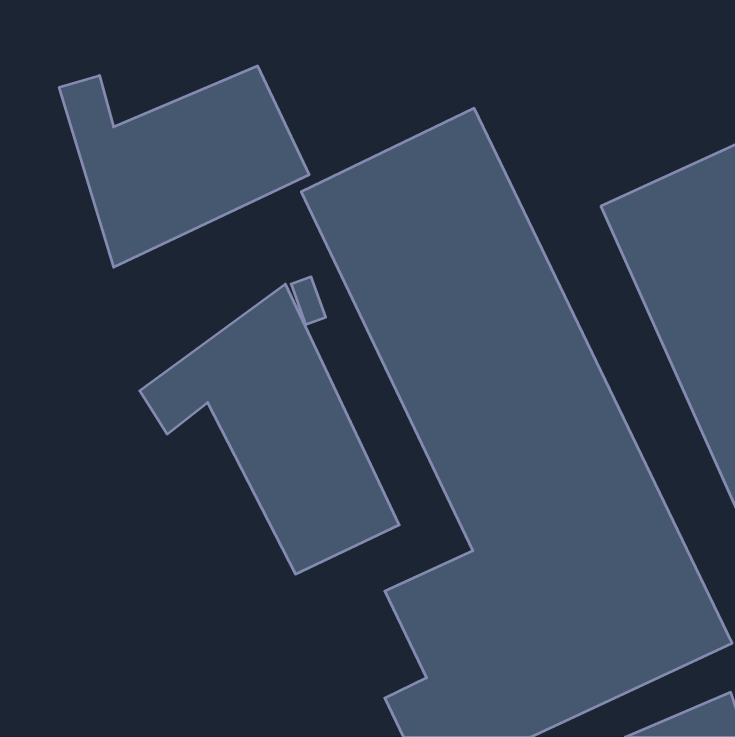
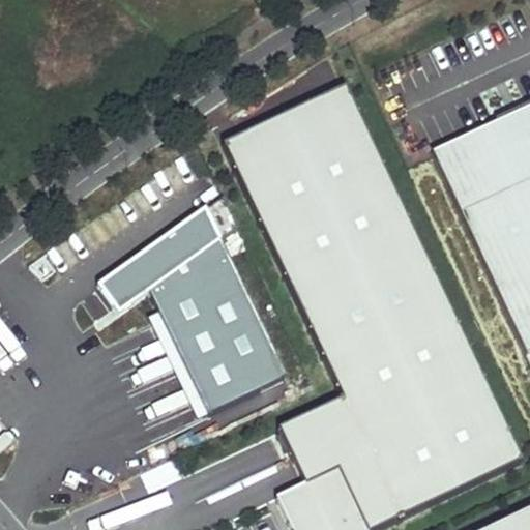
building: [59,66,309,267] -> none

